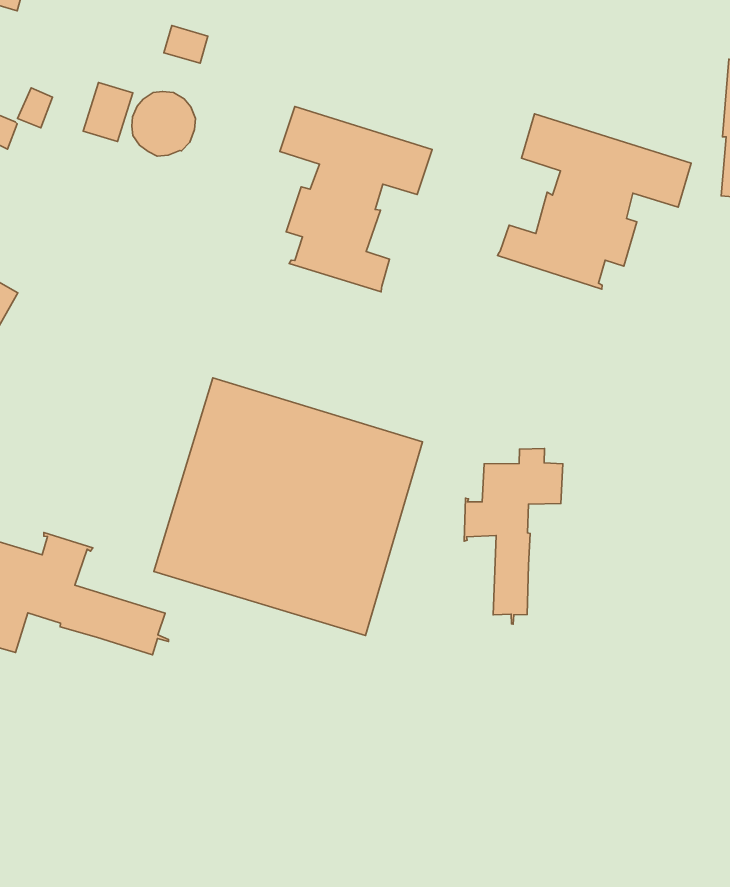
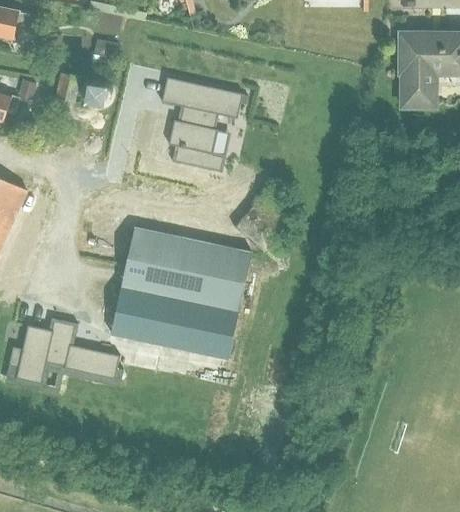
building: [497,114,691,289] -> none
building: [464,449,563,624] -> none

